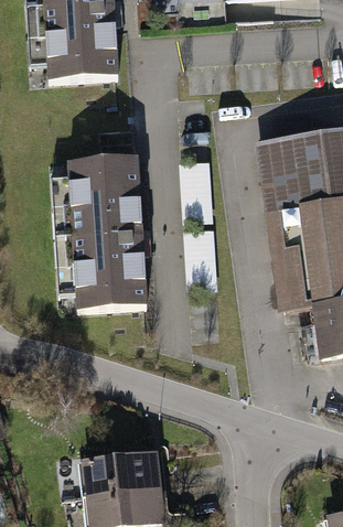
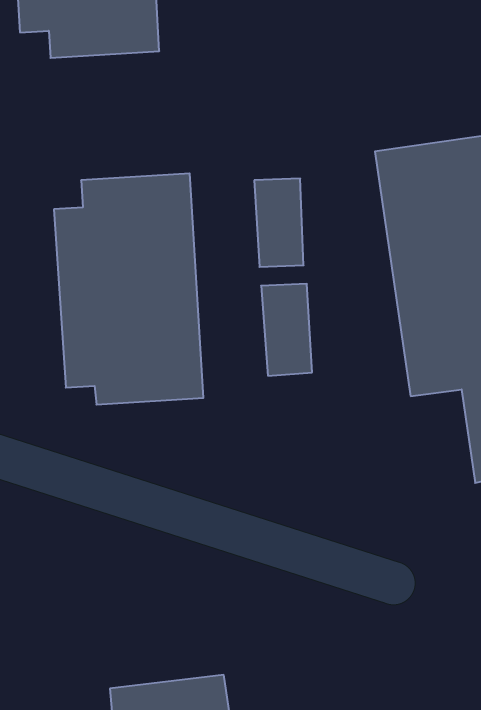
building: [81,451,160,496] -> none

